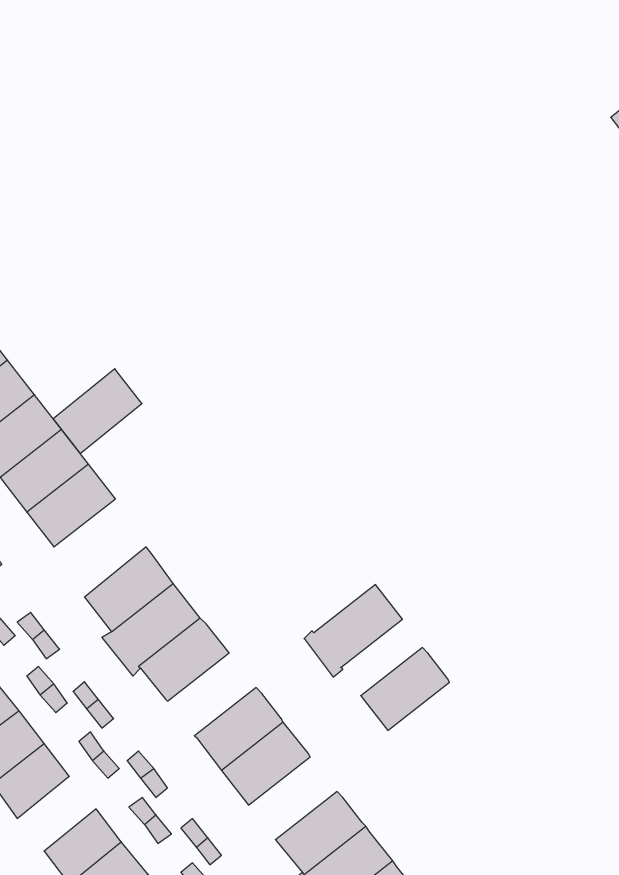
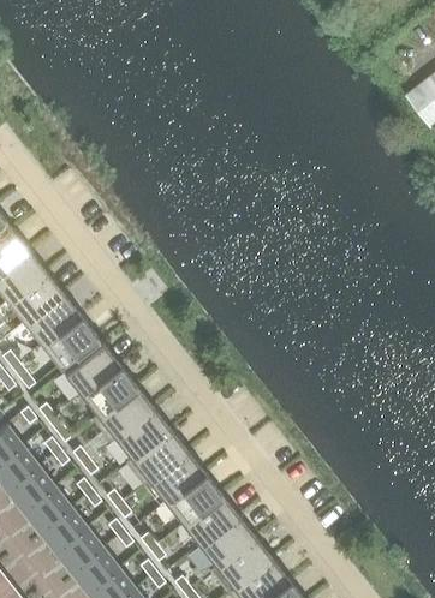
building: [53,369,142,454] -> [62,341,118,394]
building: [304,585,402,677] -> [125,429,186,486]
building: [361,648,449,730] -> [181,494,237,545]
building: none -> [37,506,87,552]

